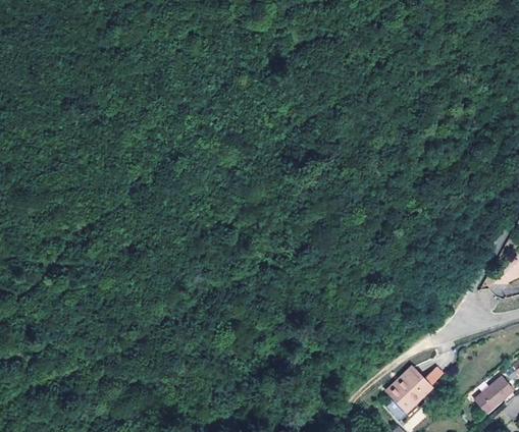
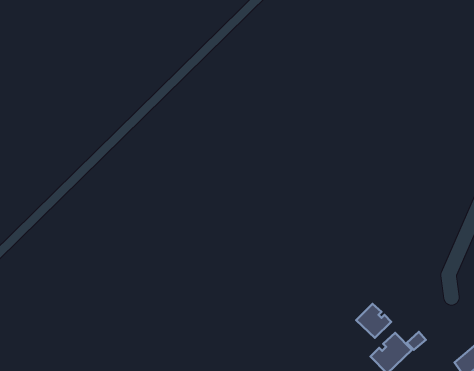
building: none -> [356,304,391,338]

